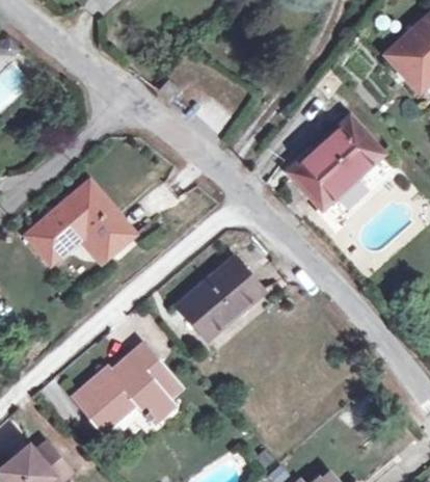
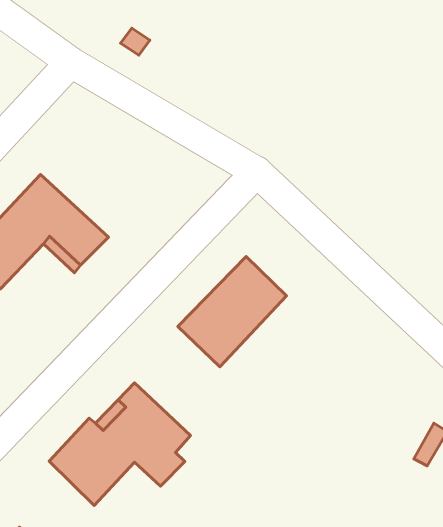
building: [290,118,380,207] -> none

